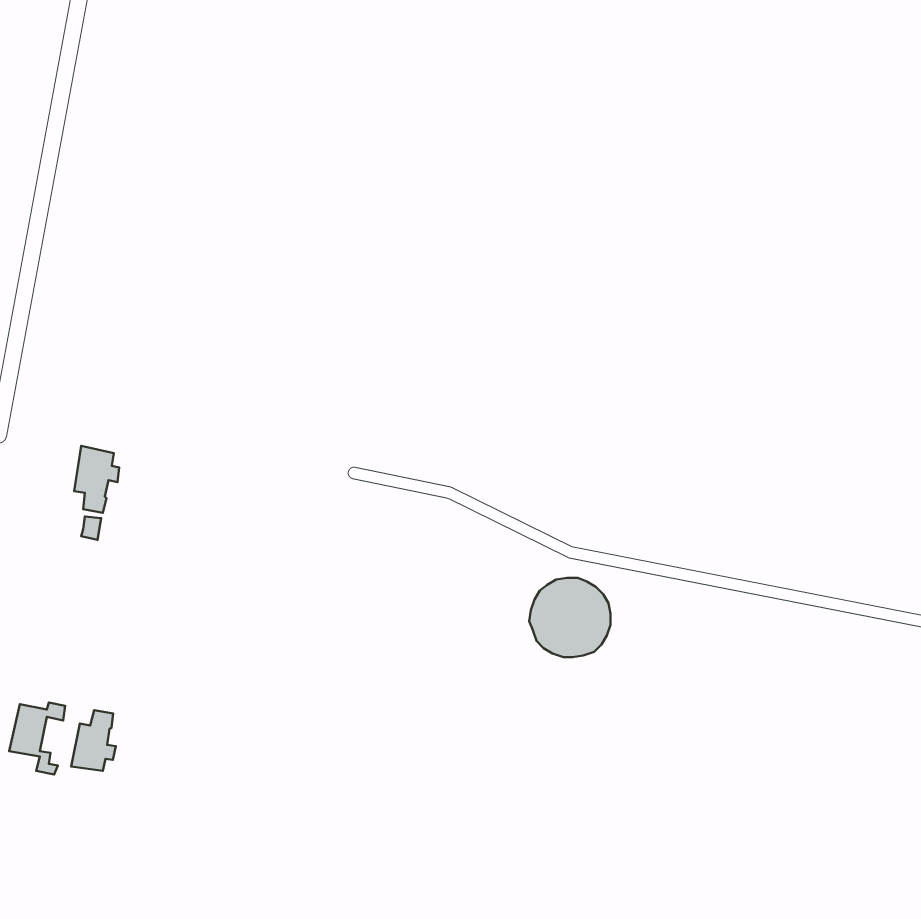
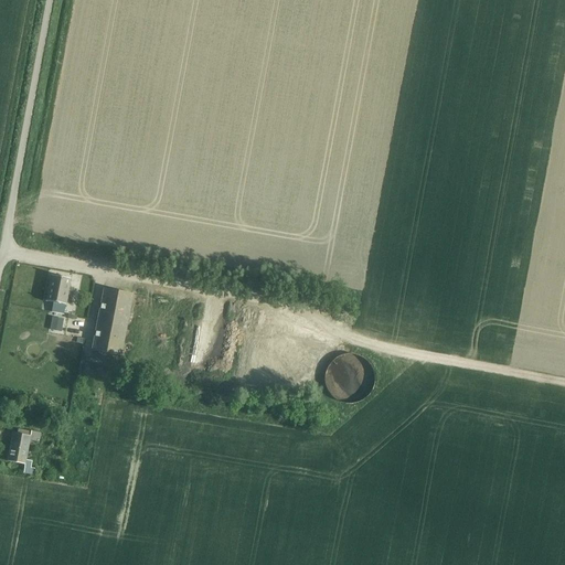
building: none -> [92,287,131,354]
building: [71,710,116,771] -> none

